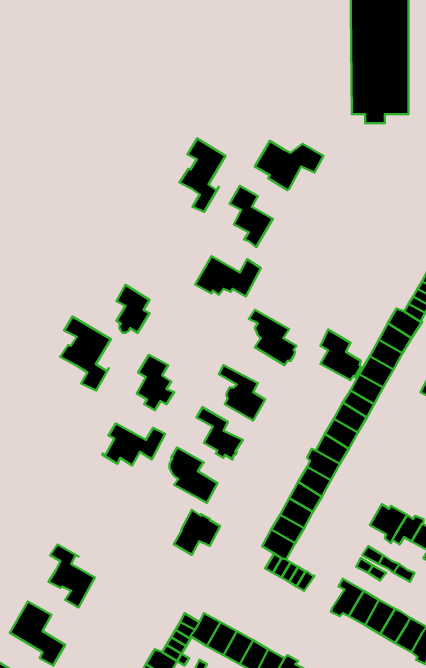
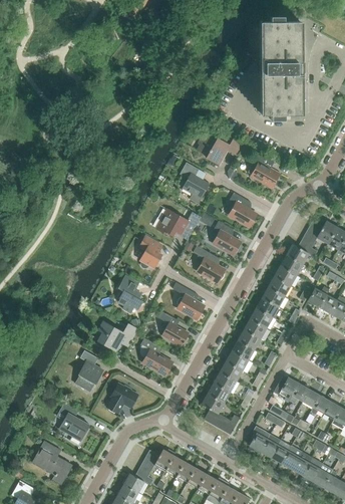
building: [180,139,225,212] -> none
building: none -> [251,152,279,187]
building: none -> [229,192,256,226]
building: [117,285,149,333] -> [139,235,161,267]
building: [60,317,111,391] -> none
building: [321,329,361,380] -> [213,220,240,254]
building: none -> [75,349,102,391]
building: [174,510,220,555] -> [106,383,137,413]

